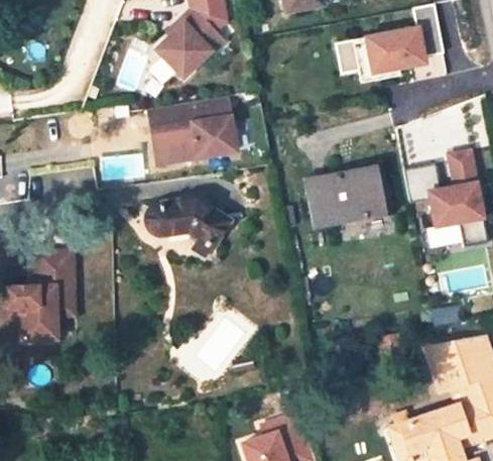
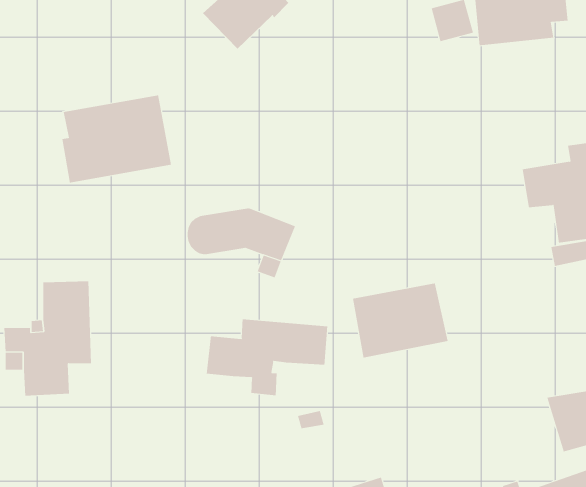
building: [152,93,238,161] -> [62,95,172,183]
building: [312,167,386,226] -> [352,283,448,358]
building: none -> [206,319,328,396]

